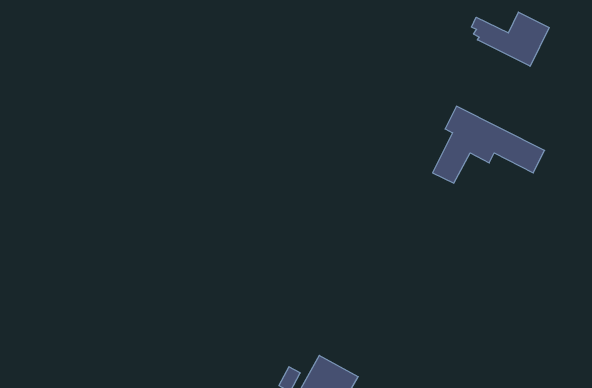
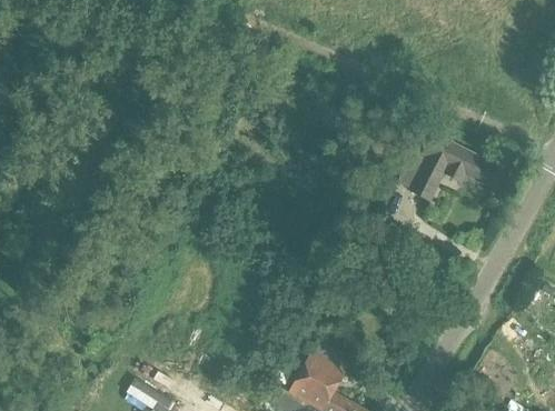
building: [471,12,549,66] -> none

